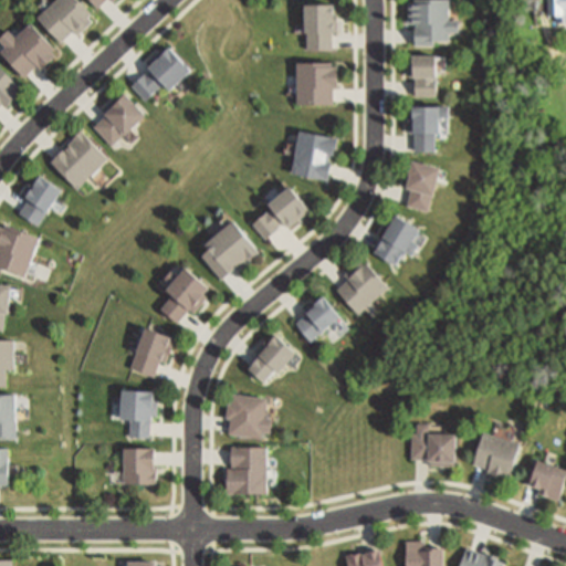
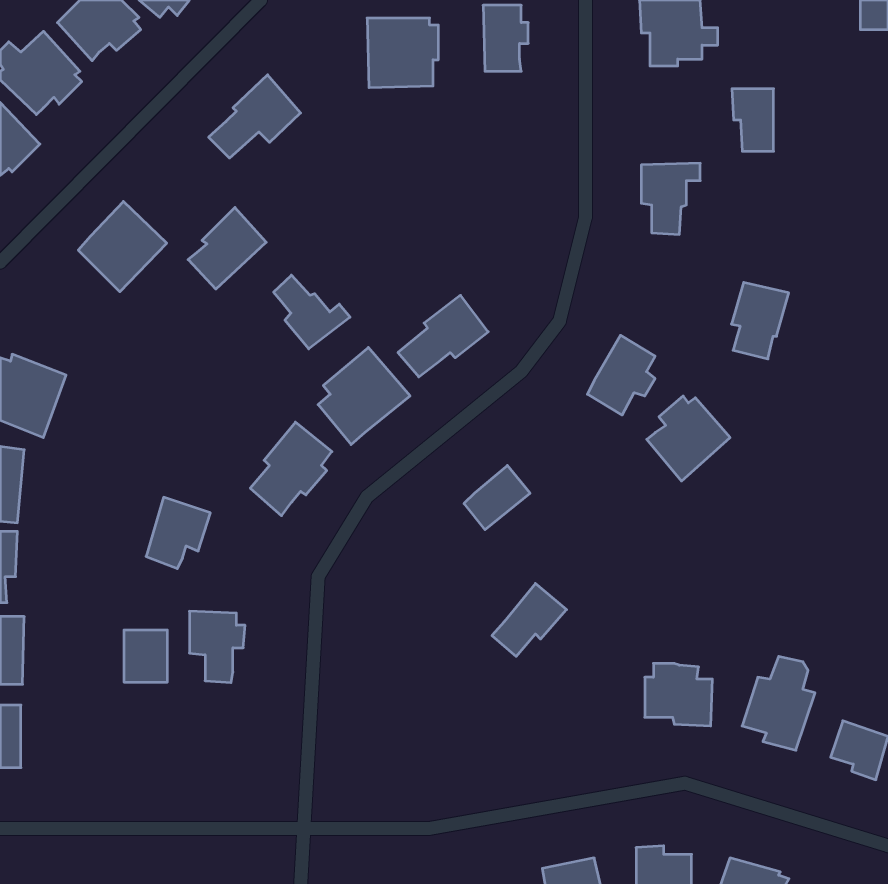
building: [408,56,434,96] -> [732,89,774,151]
building: [295,66,340,111] -> [367,18,438,88]
building: [93,93,143,145] -> [188,207,266,289]
building: [291,132,333,179] -> none
building: [408,165,444,213] -> [731,282,789,359]
building: [22,177,64,229] -> none
building: none -> [274,275,350,349]
building: [335,261,388,315] -> [647,396,730,481]
building: [132,328,172,374] -> [146,497,210,569]
building: [247,336,294,382] -> [492,583,567,656]
building: [226,394,270,437] -> none
building: [226,447,264,493] -> none
building: [124,450,151,483] -> [124,630,167,682]

